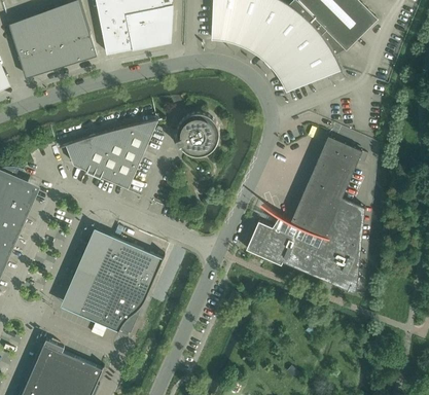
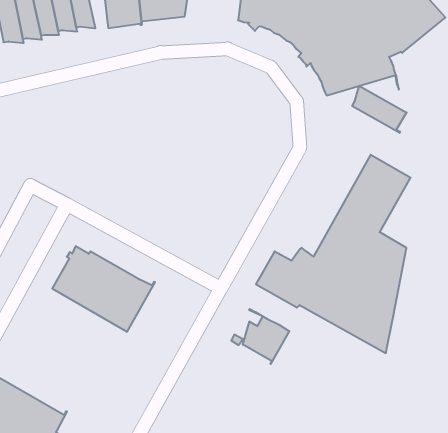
building: none -> [352,86,407,133]
building: [176,112,219,155] -> none
building: [60,118,158,188] -> none
building: [66,267,146,334] -> none
building: none -> [243,309,289,364]

